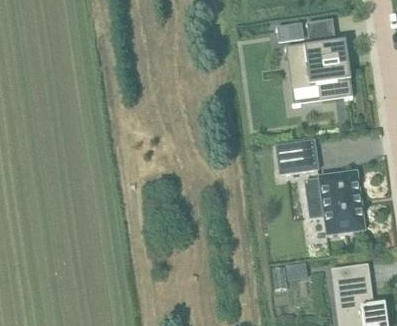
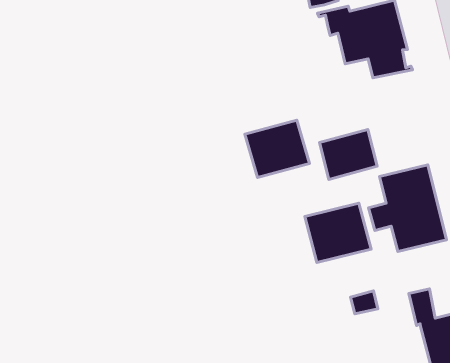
building: none -> [245,120,309,177]
building: none -> [305,203,371,262]

